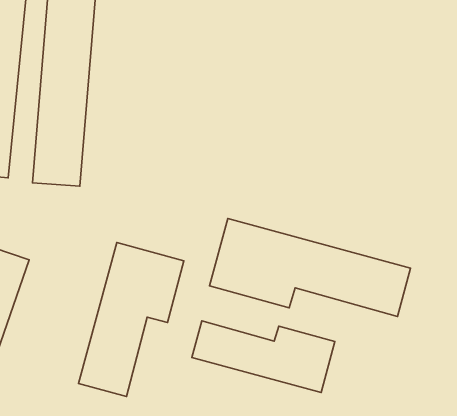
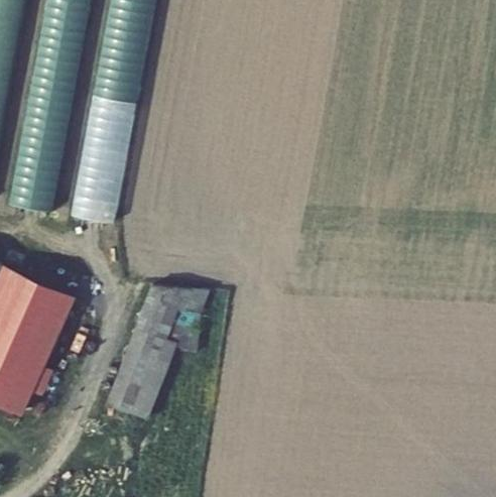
building: [210,218,411,317] -> none
building: [192,321,335,393] -> none

